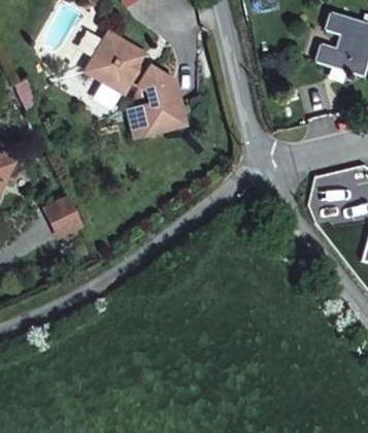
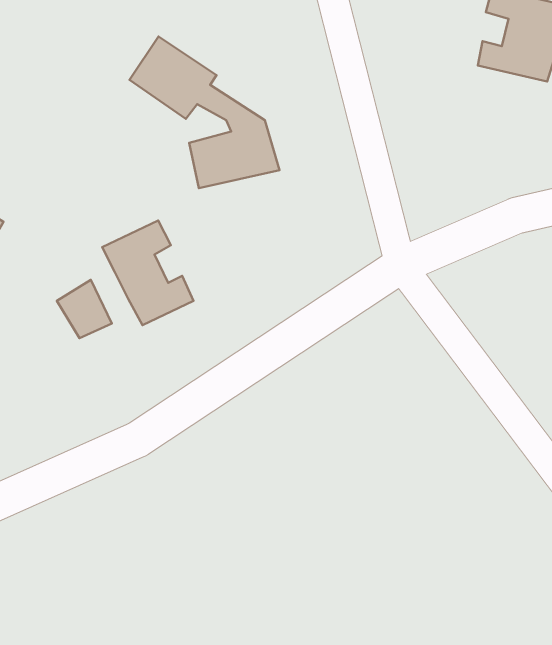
building: none -> [102,220,194,325]

